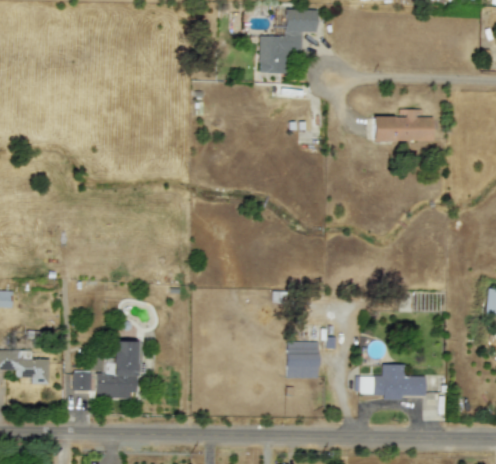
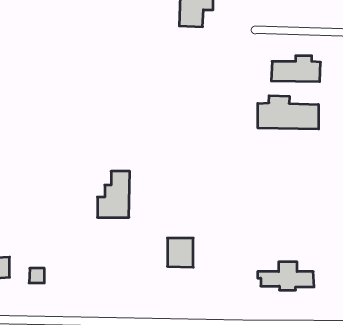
building: none -> [258,96,319,129]
building: [98,341,138,398] -> [97,171,130,217]
building: [288,342,320,378] -> [167,238,193,267]

